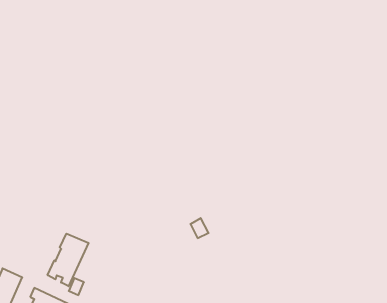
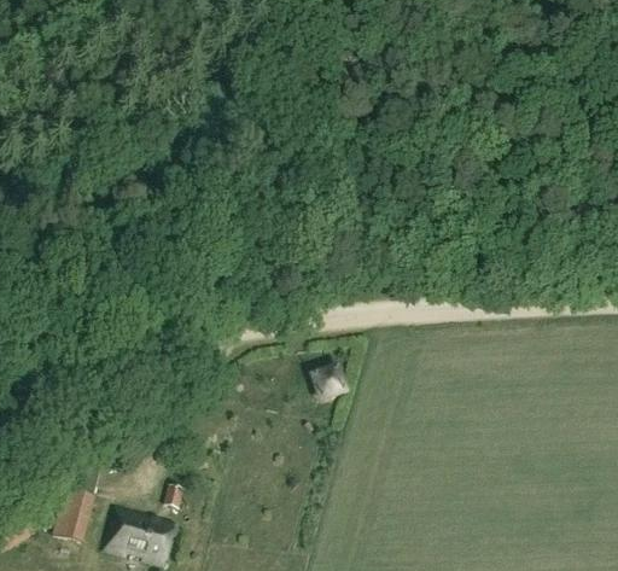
building: [48,234,89,286] -> none

